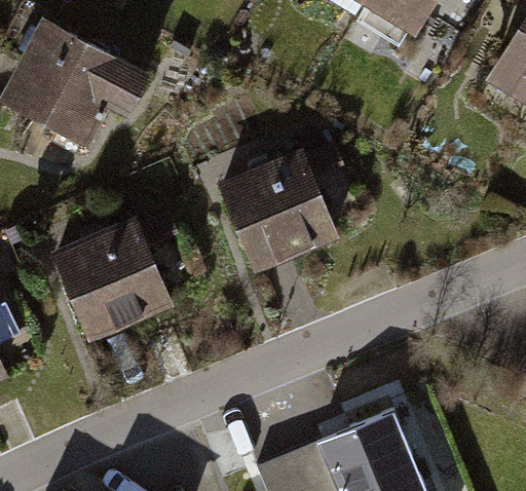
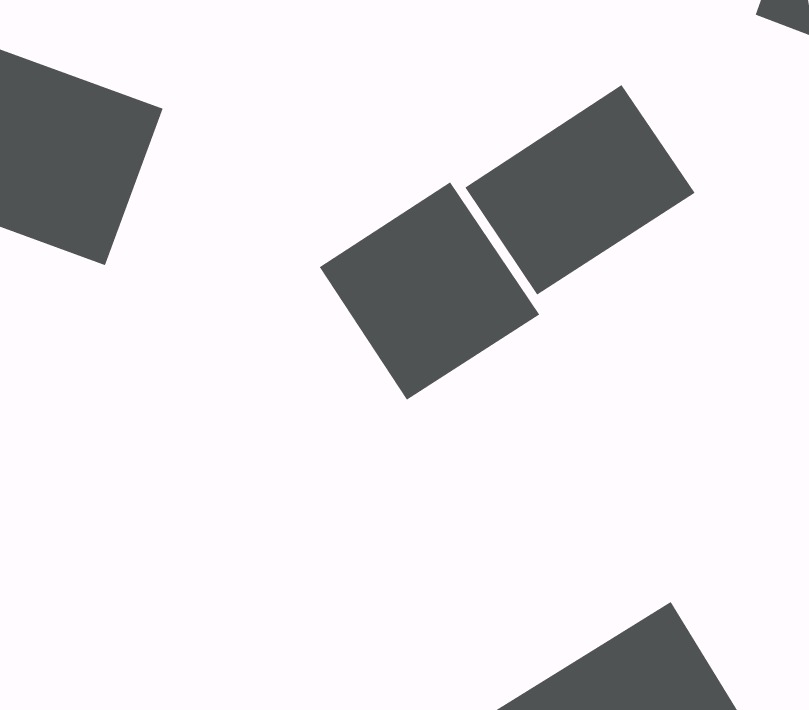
building: none -> [464,84,695,296]
building: [50,219,174,339] -> none

